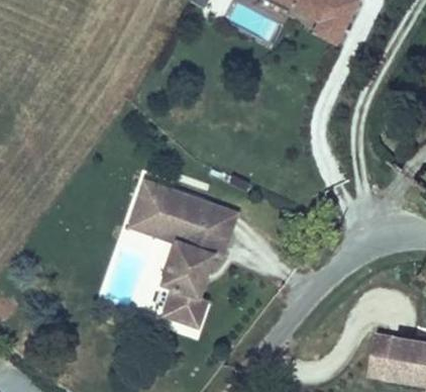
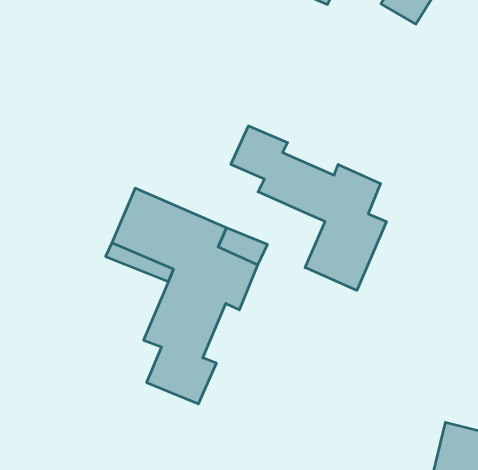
building: none -> [231,126,386,290]

